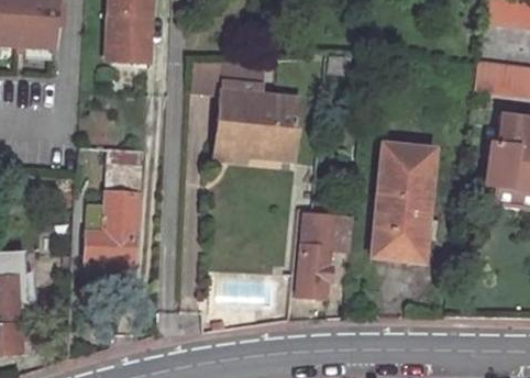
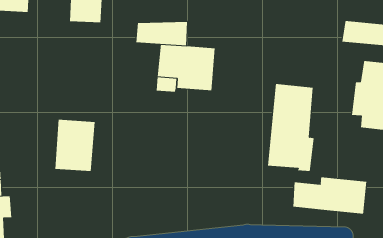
building: [296,220,356,299] -> none
building: none -> [293,176,367,214]

